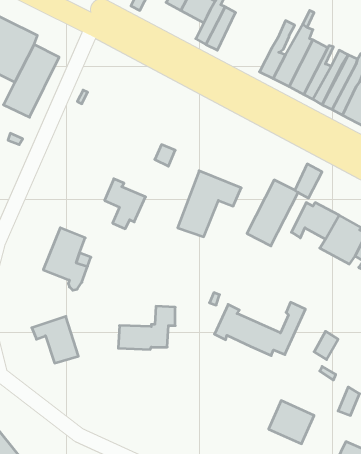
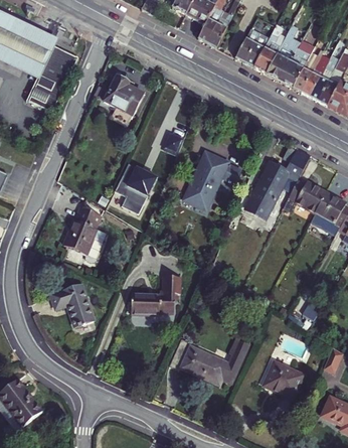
building: none -> [235,29,271,68]
building: none -> [104,74,143,114]
building: [214,302,305,356] -> [169,335,249,383]

